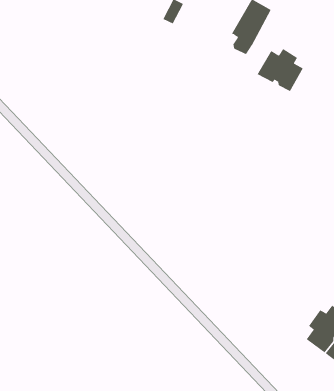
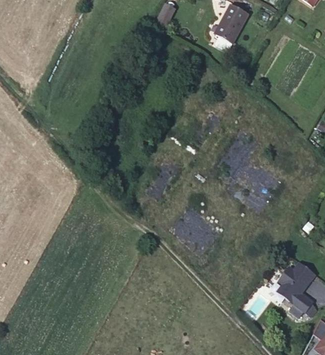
building: [257,48,303,92] -> none

